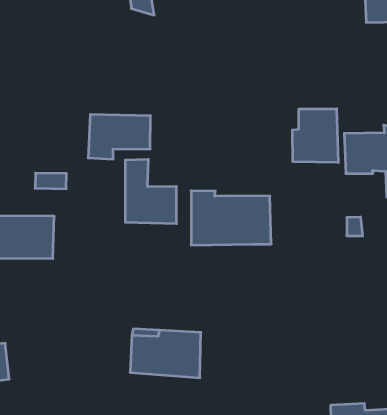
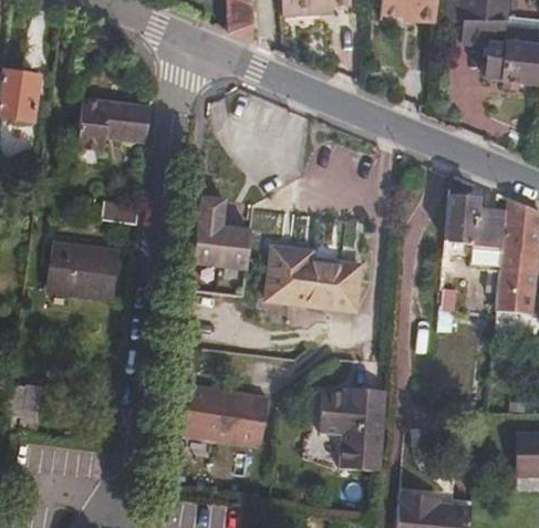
building: [292,109,338,163] -> none
building: [88,114,151,159] -> [76,96,151,148]
building: none -> [318,389,387,473]

